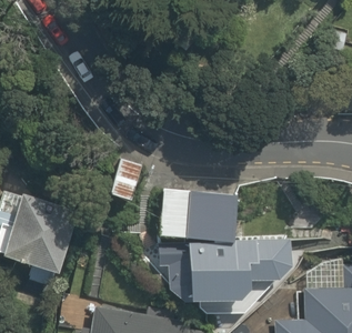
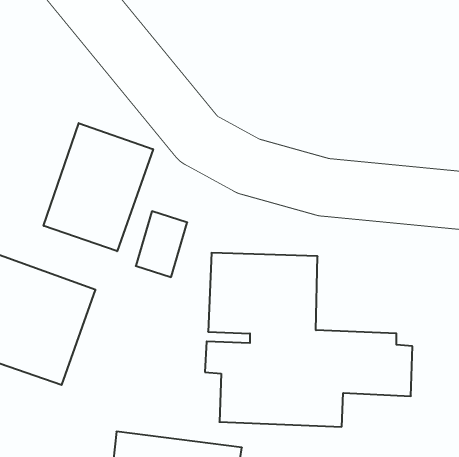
building: none -> [44,123,153,251]

